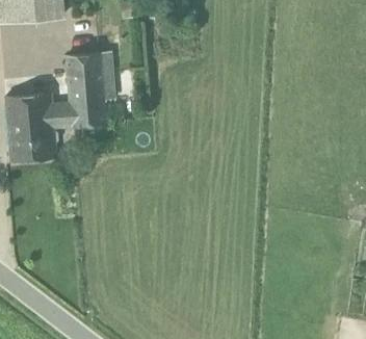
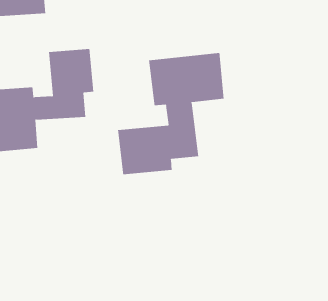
building: none -> [118,52,224,175]

